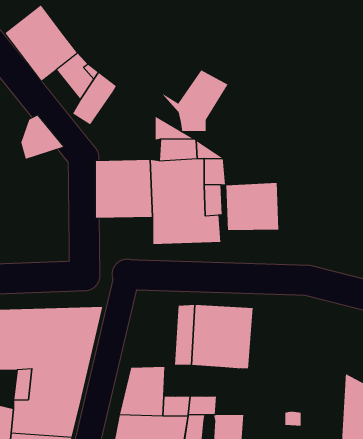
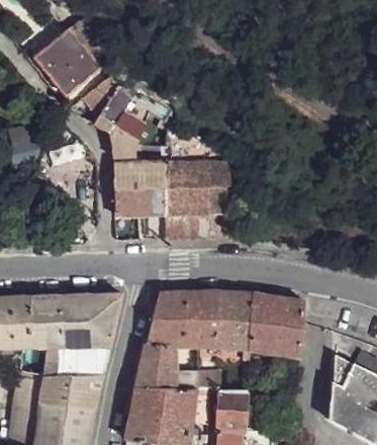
building: [160,70,228,132] -> [94,104,155,159]
building: [226,182,279,231] -> none
building: none -> [146,292,187,347]
building: none -> [250,294,306,354]

